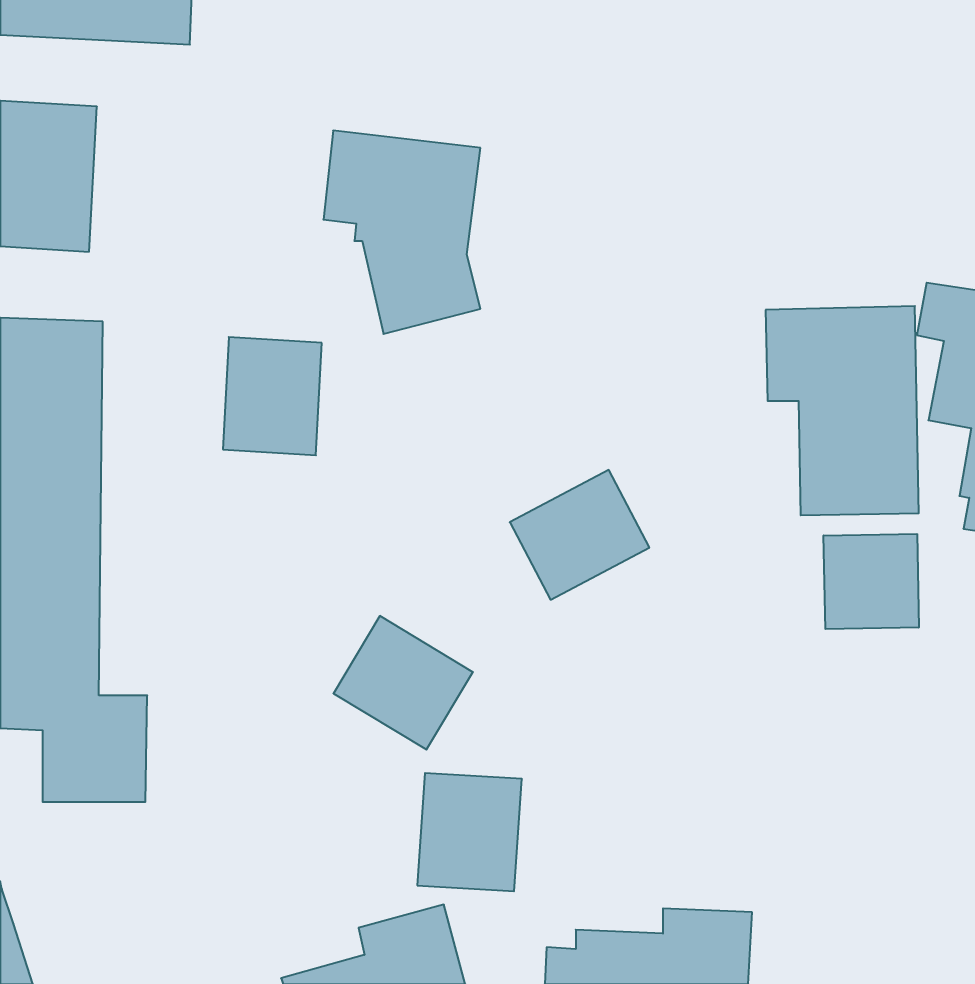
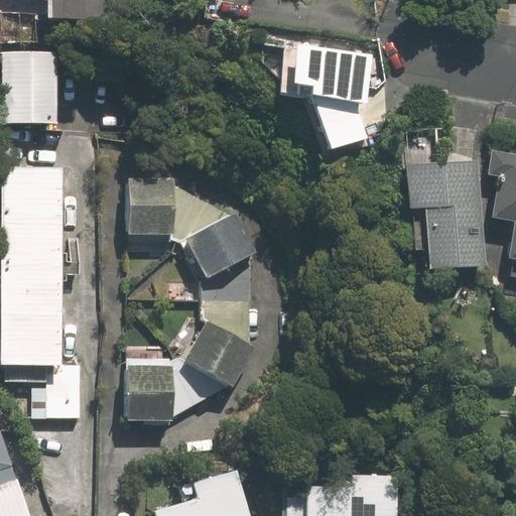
building: [323,131,480,334] -> [290,44,372,150]
building: [510,470,649,600] -> [183,213,256,280]
building: [824,534,919,629] -> none
building: [417,773,522,891] -> [119,360,173,421]

